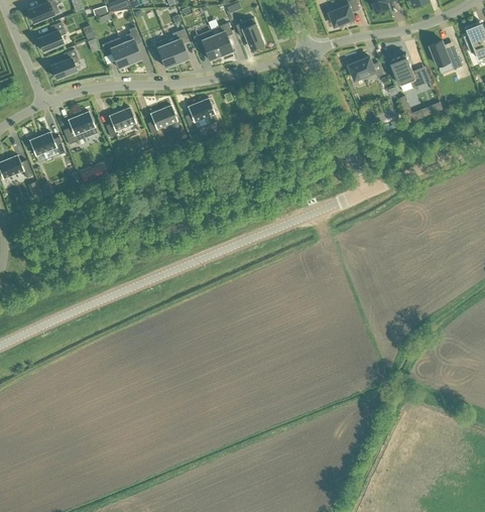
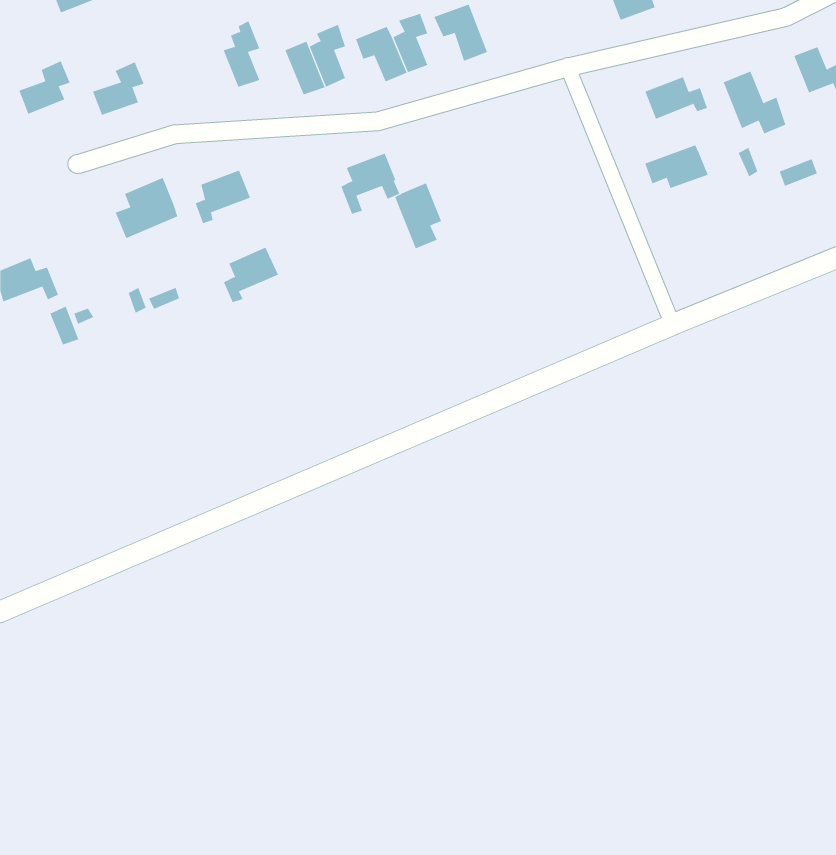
building: [37,22,66,51] -> [18,60,71,115]
building: [102,38,129,69] -> none
building: none -> [645,145,708,189]
building: [147,105,177,135] -> [223,247,279,303]
building: none -> [395,182,442,249]
building: [29,132,65,156] -> none

